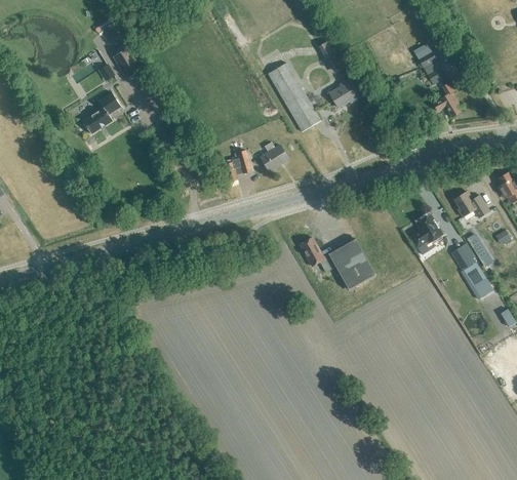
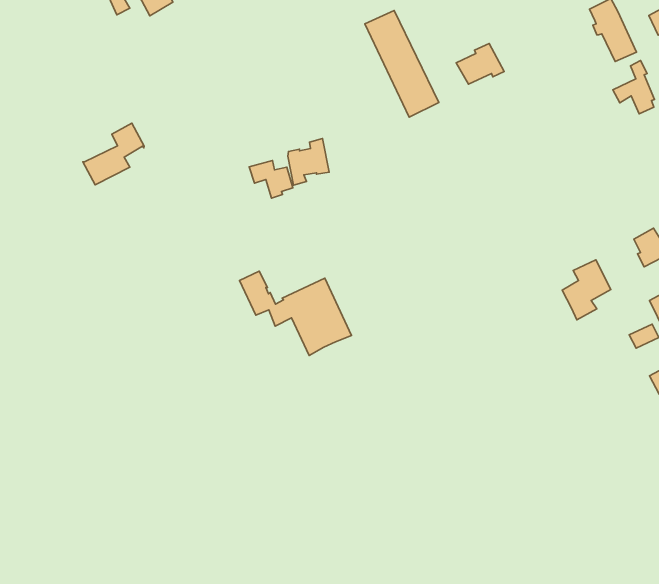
building: [82,91,121,133] -> [83,123,144,185]
building: [261,142,288,170] -> none
building: none -> [249,160,293,198]
building: [300,237,375,289] -> [240,271,352,356]

